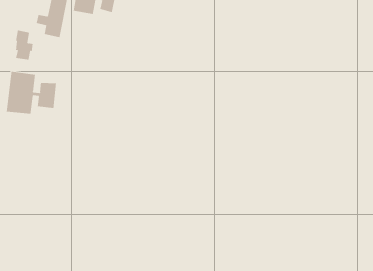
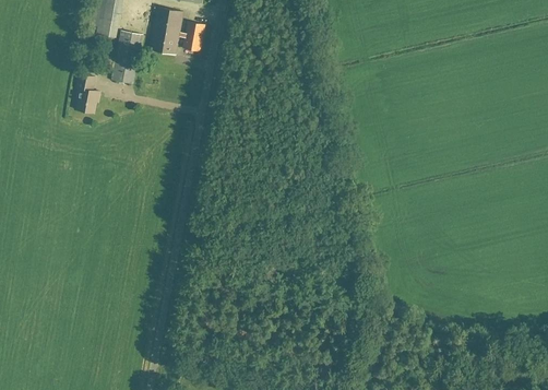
building: [6,71,56,115] -> none

